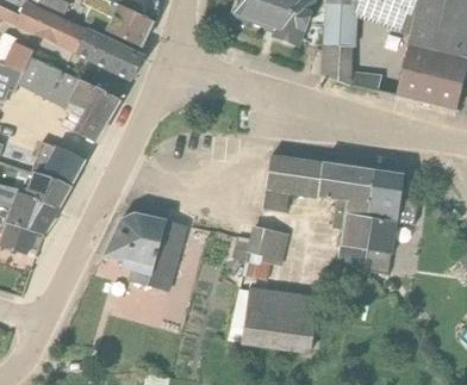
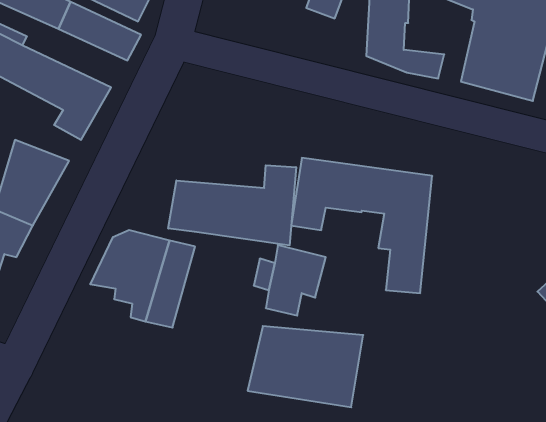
building: none -> [168,165,296,245]
building: [365,169,418,274] -> none

